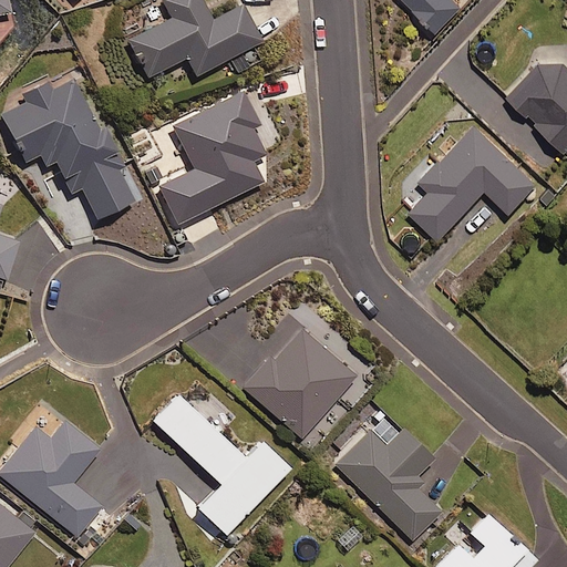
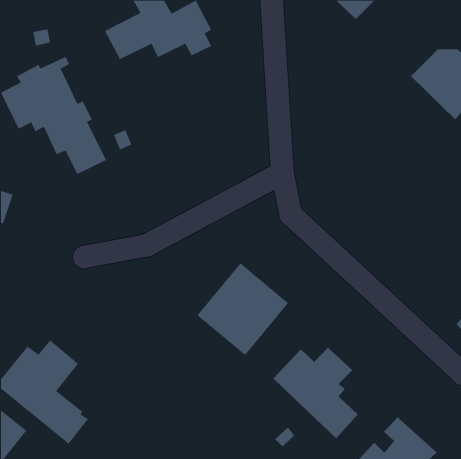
building: [159,94,265,224] -> none
building: [410,124,537,238] -> none
building: [153,389,290,534] -> none

